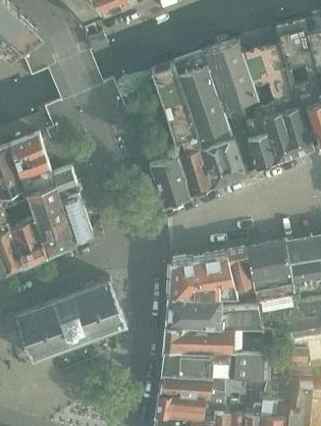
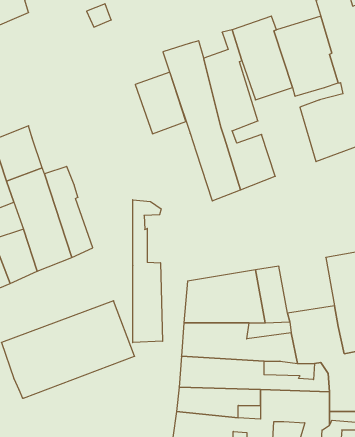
building: [248,119,277,171] -> none
building: [150,156,192,207] -> [135,72,186,134]
building: none -> [133,200,163,343]
building: [247,244,292,289] -> none

